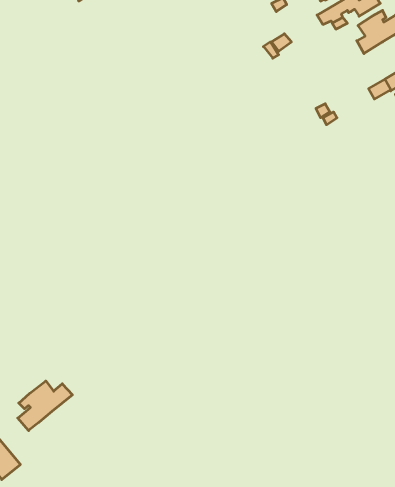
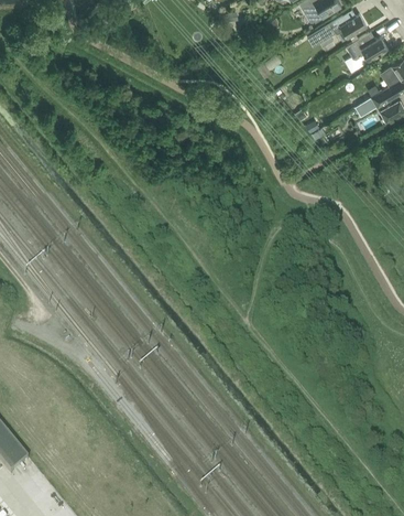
building: [18,381,72,431] -> none

